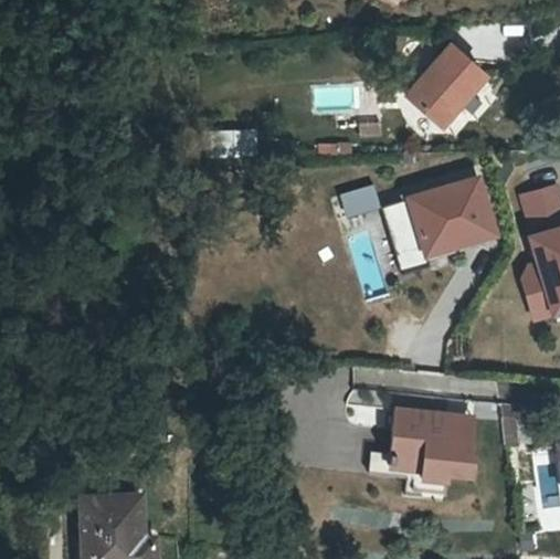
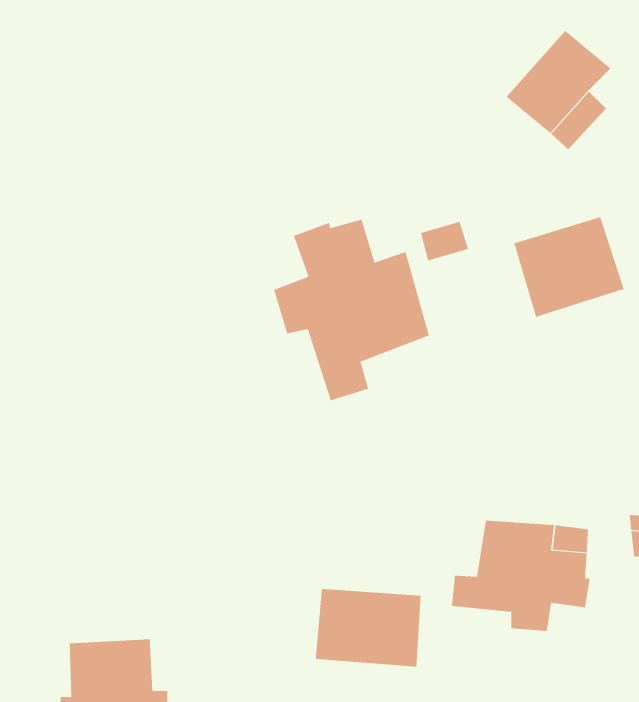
building: none -> [273,219,430,401]
building: [387,201,430,264] -> none
building: none -> [315,588,421,668]

